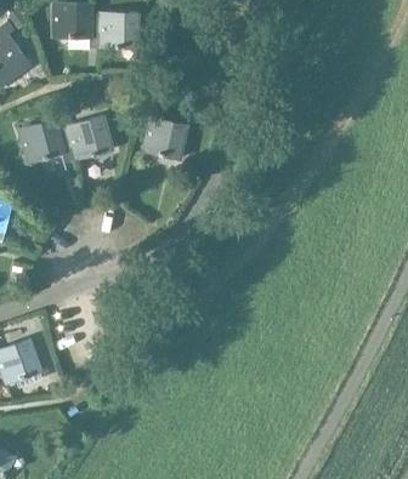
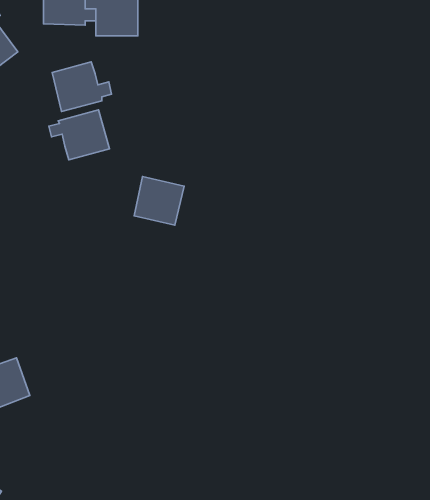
building: [143,116,188,160] -> [134,177,184,225]
building: [19,119,73,164] -> [52,62,111,112]

